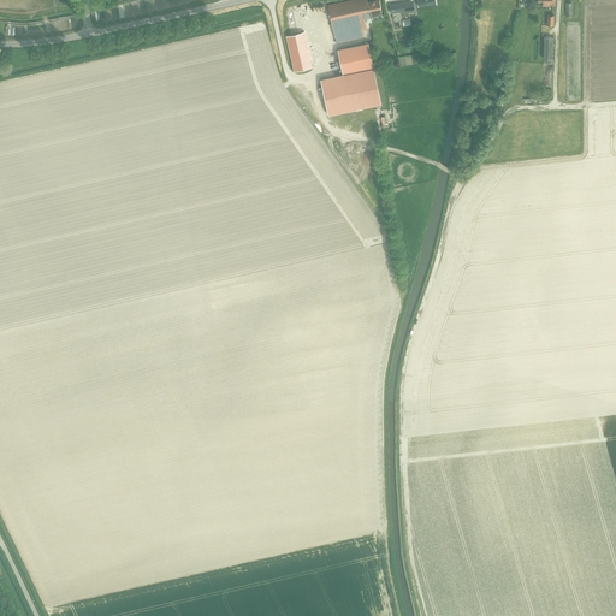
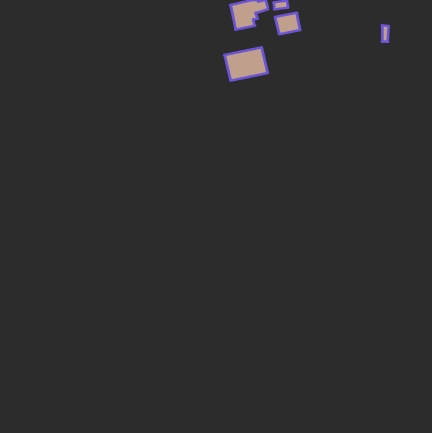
building: [285,31,310,71] -> none
building: [336,42,372,72] -> [275,13,300,34]

